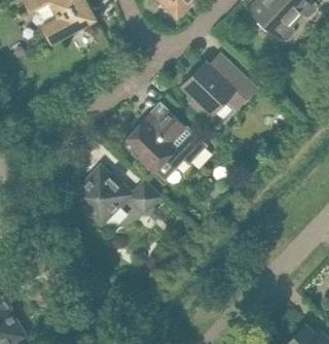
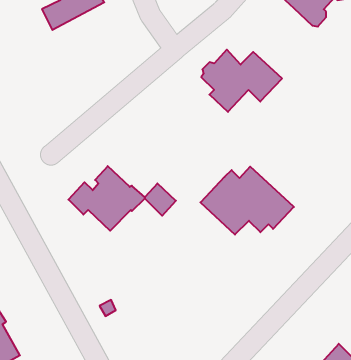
building: [122,110,206,171] -> [200,167,294,235]

